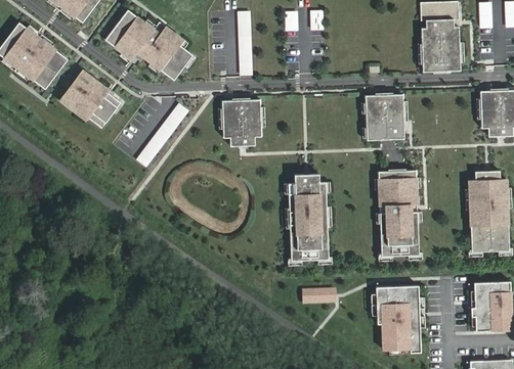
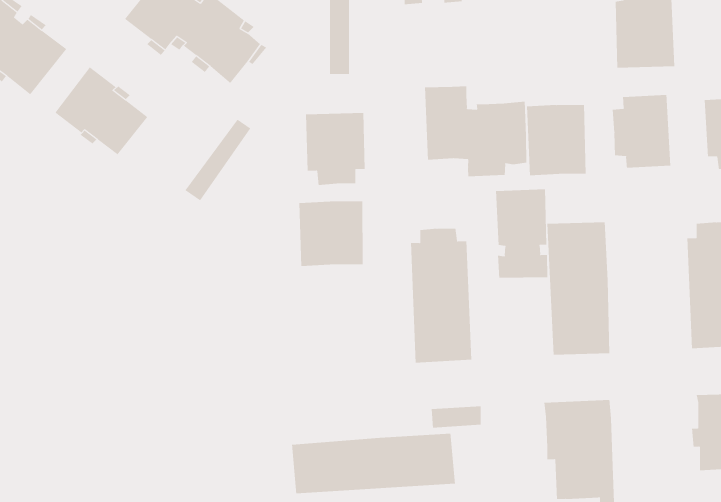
building: none -> [425,86,527,177]
building: none -> [612,94,671,168]
building: none -> [496,189,548,278]
building: none -> [299,201,363,267]
building: none -> [291,433,456,494]

